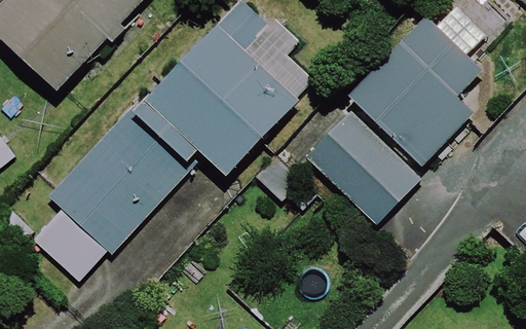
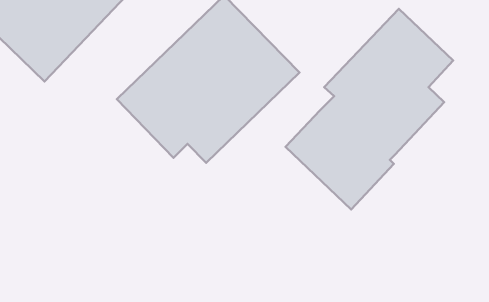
building: [33,109,191,282] -> none

